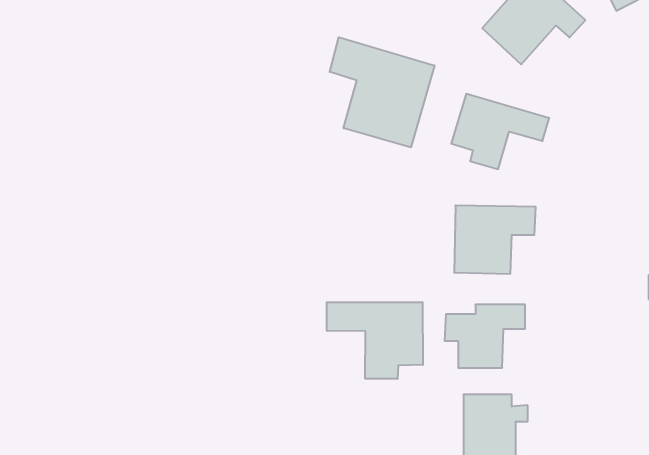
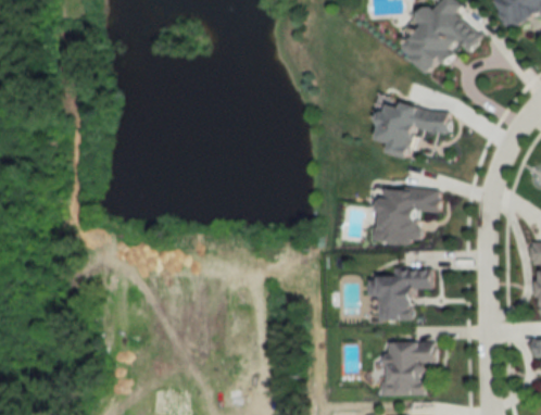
building: [330,37,435,147] -> none
building: [327,302,423,379] -> none

